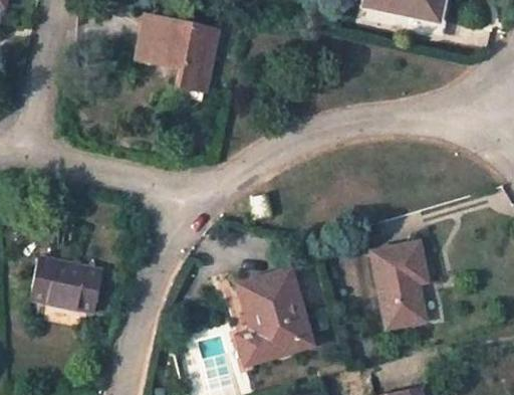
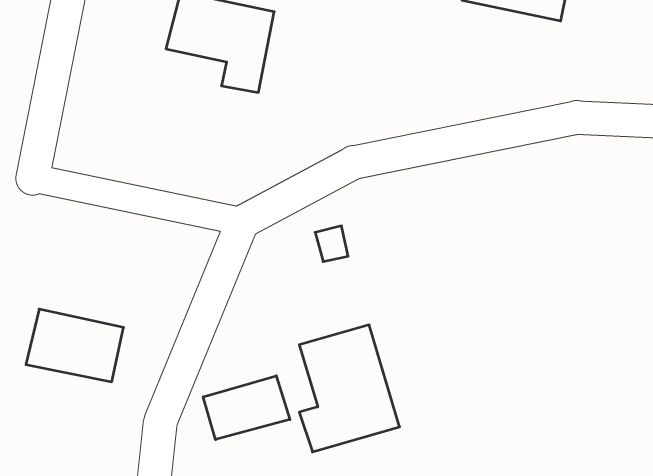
building: [371,242,425,328] -> none
building: none -> [203,376,290,440]

